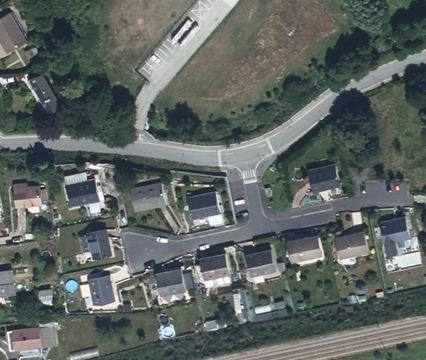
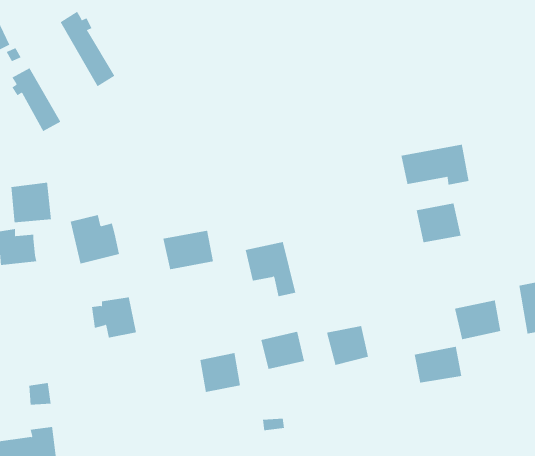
building: none -> [60,11,115,87]
building: none -> [401,144,469,185]
building: none -> [11,182,51,223]
building: [287,236,321,262] -> [414,346,462,383]
building: [88,276,115,306] -> none

